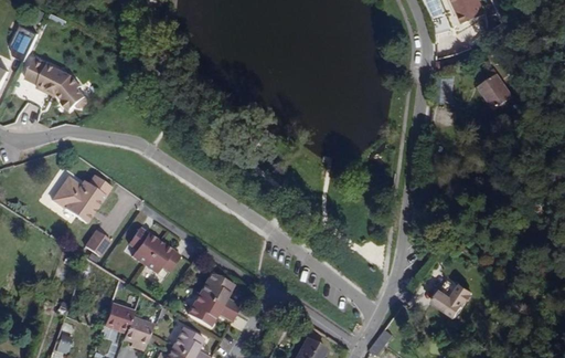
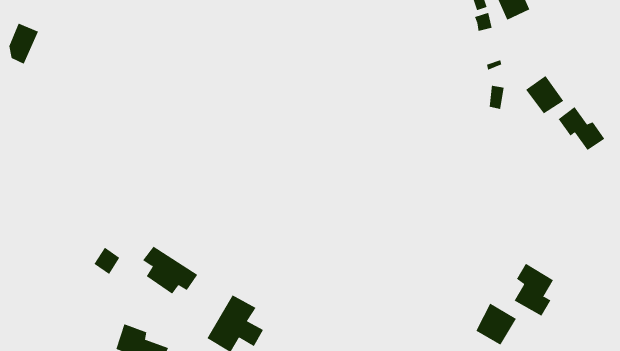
building: [19,57,82,110] -> none
building: none -> [558,106,605,151]
building: [52,176,110,222] -> none
building: none -> [514,263,554,316]

